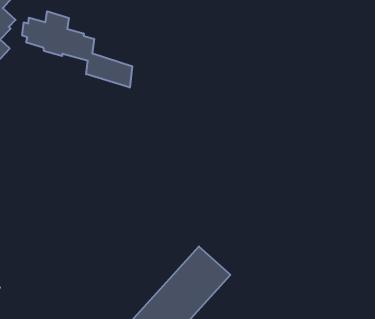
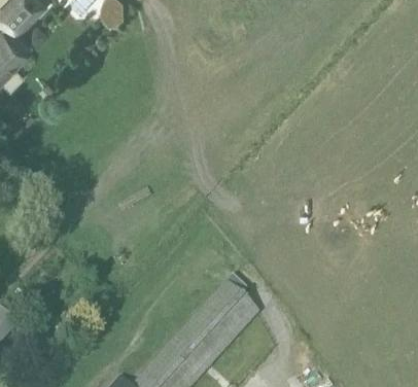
building: [22,11,132,88] -> none

